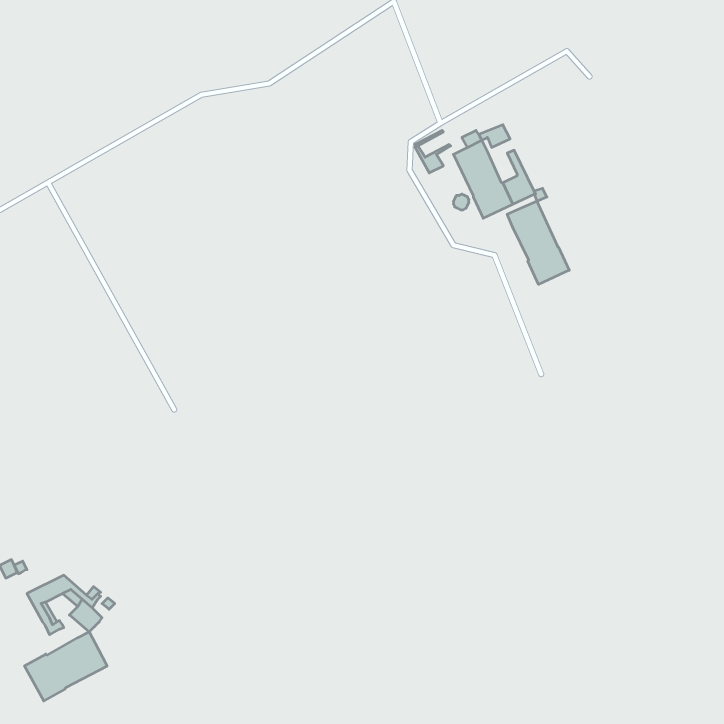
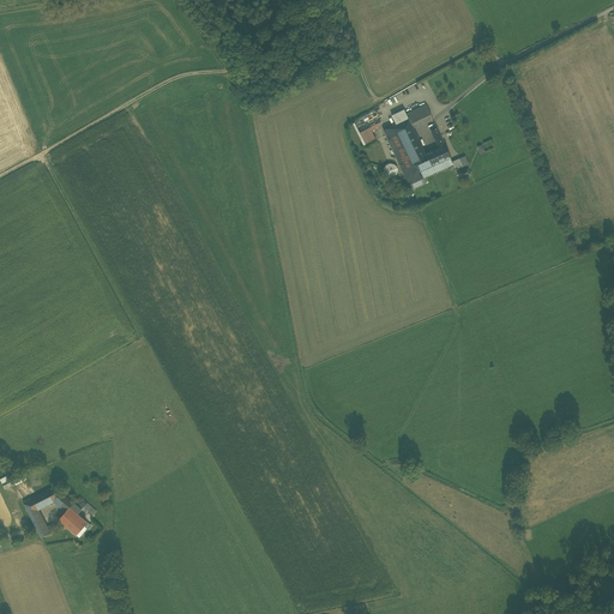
building: [507,201,569,284] -> none
building: [25,632,107,701] -> none

